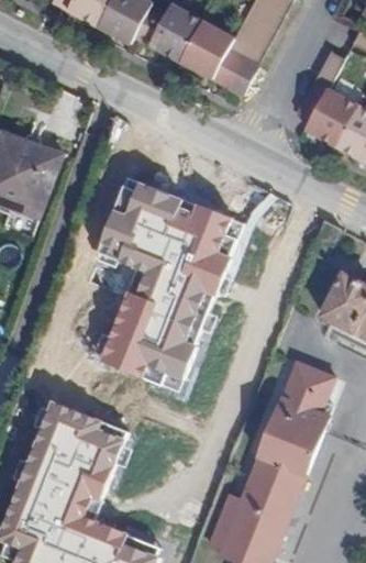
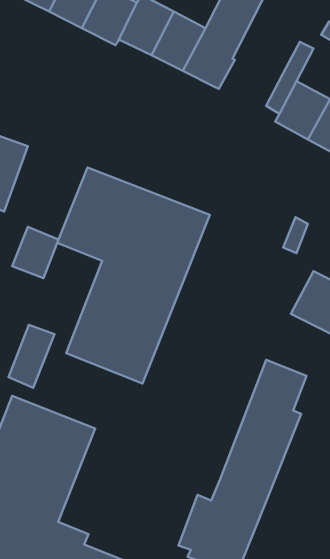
building: none -> [12,227,58,278]
building: none -> [8,325,55,388]

